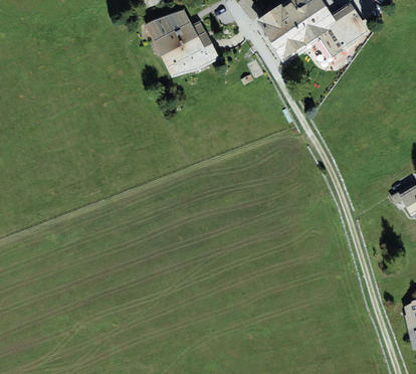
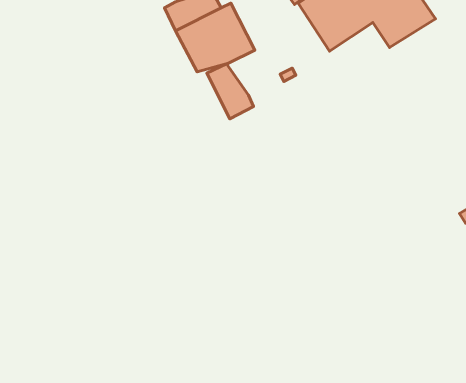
building: none -> [207,64,254,119]

